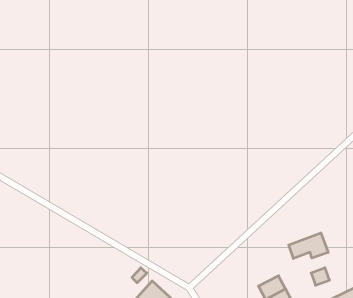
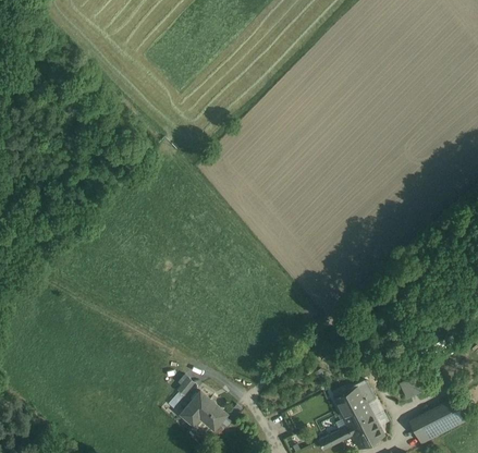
building: [289,233,328,259] -> none

